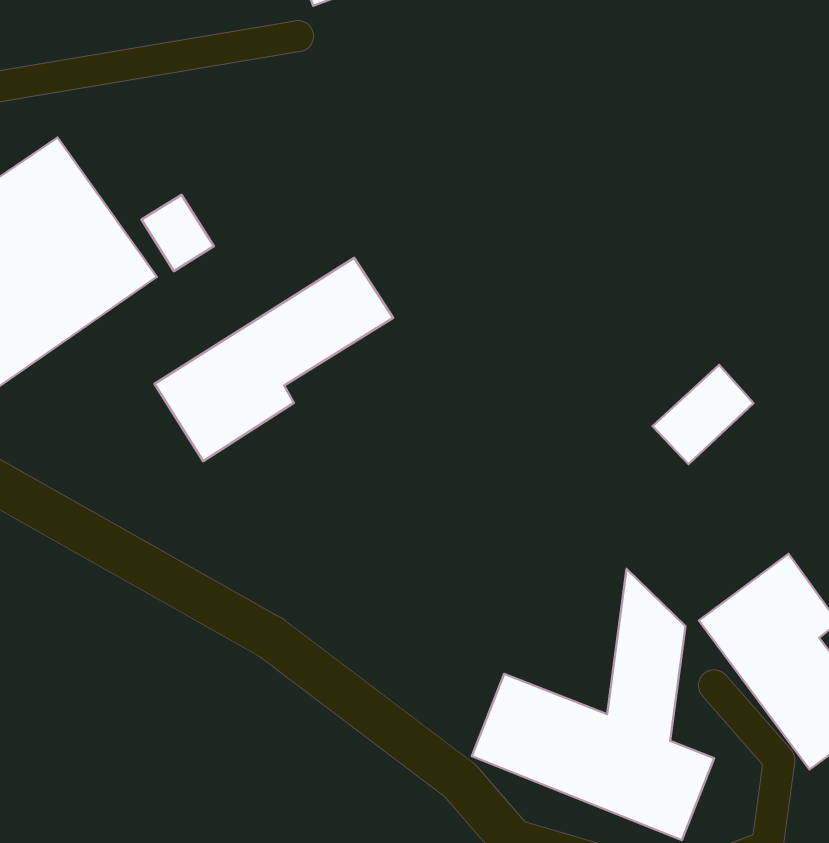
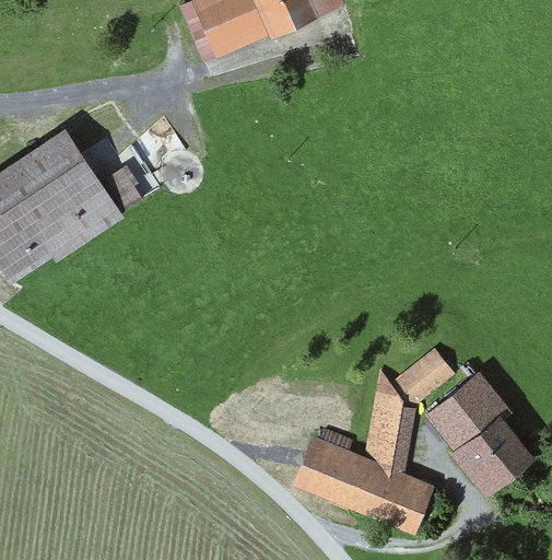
building: [155,258,393,461] -> none
building: [652,365,754,464] -> [398,349,456,406]

